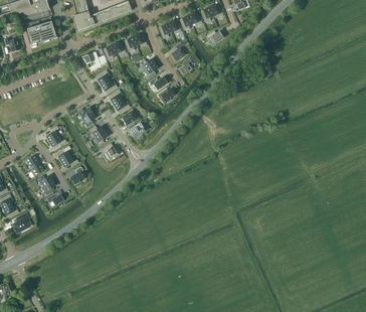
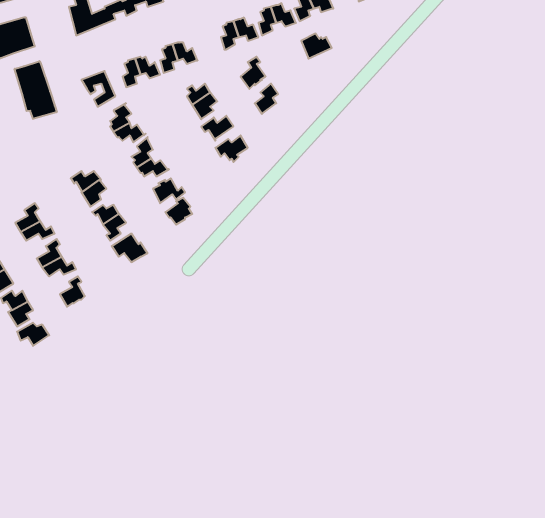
building: none -> [15,61,57,119]

